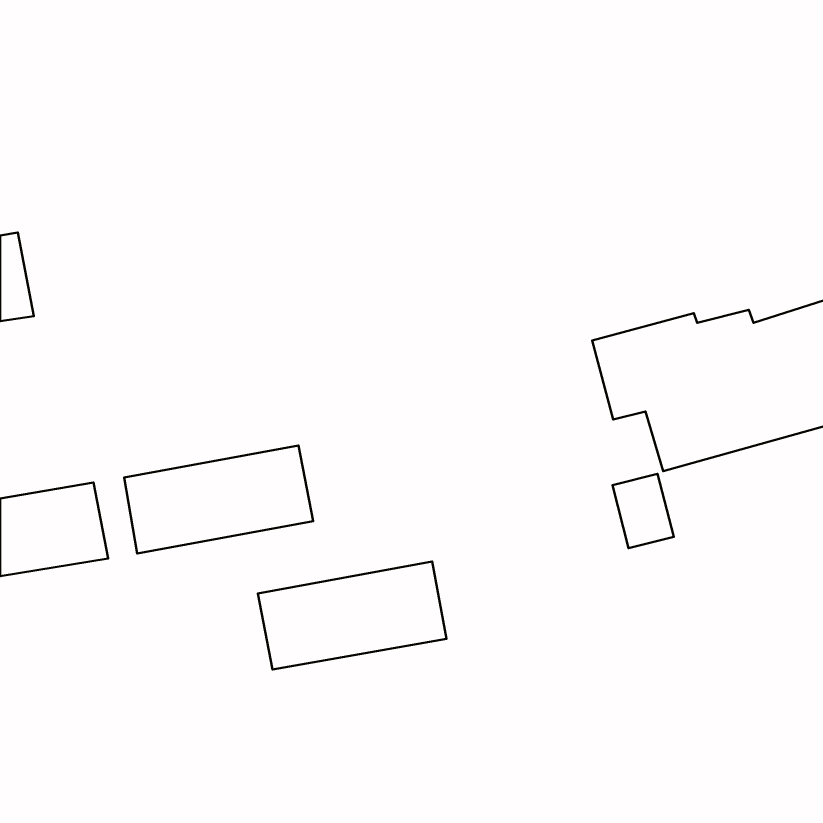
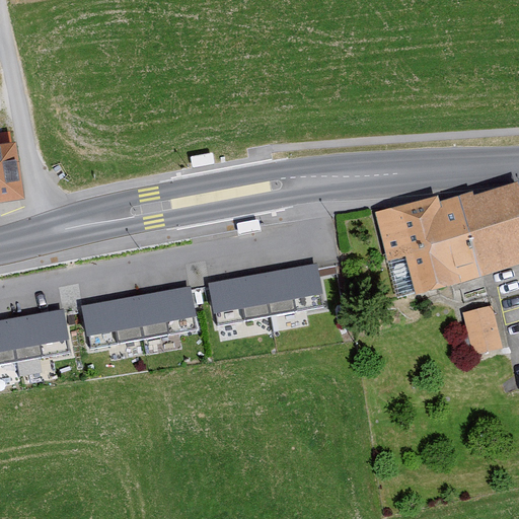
building: [612,474,674,548] -> [460,308,499,355]
building: [258,561,447,670] -> [207,260,325,327]

